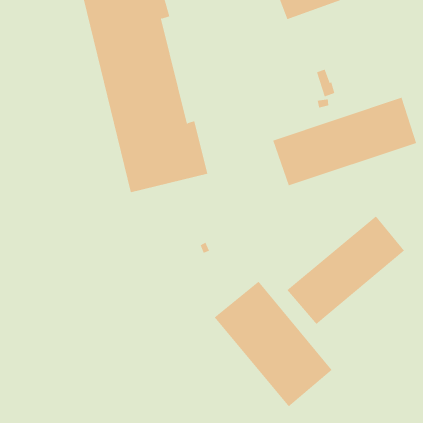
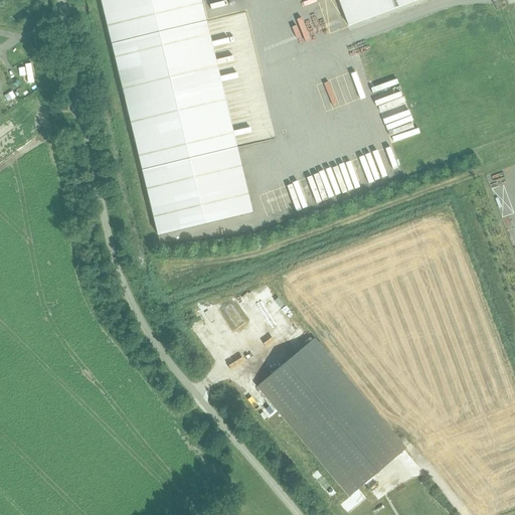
building: [272,97,417,186] -> none
building: [287,215,405,325] -> none

